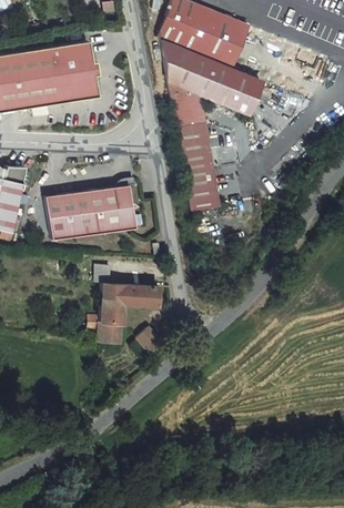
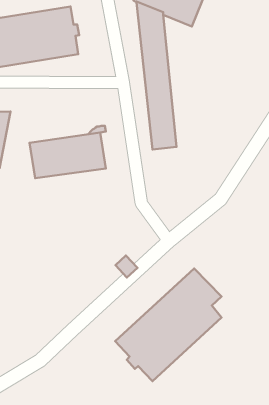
building: [200,53,264,113] -> none
building: [92,267,163,347] -> none
building: none -> [115,268,222,381]

